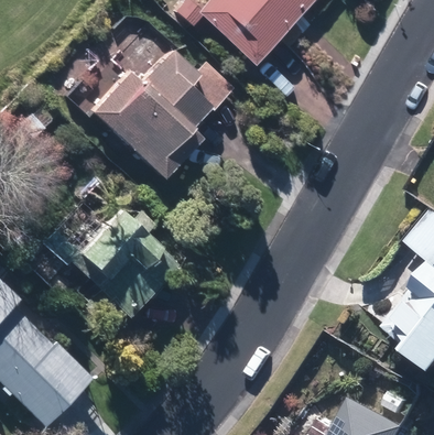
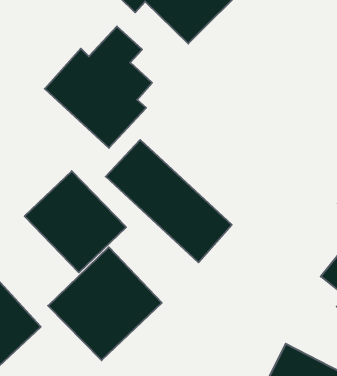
building: none -> [106,140,232,262]
building: none -> [48,247,162,360]

